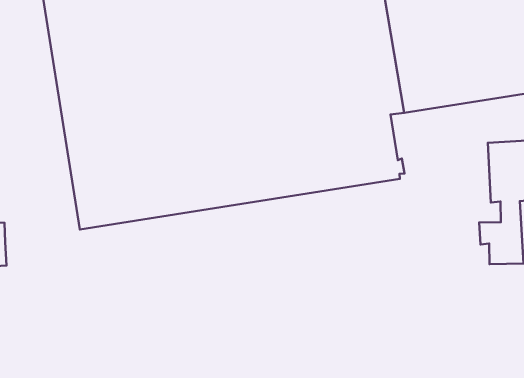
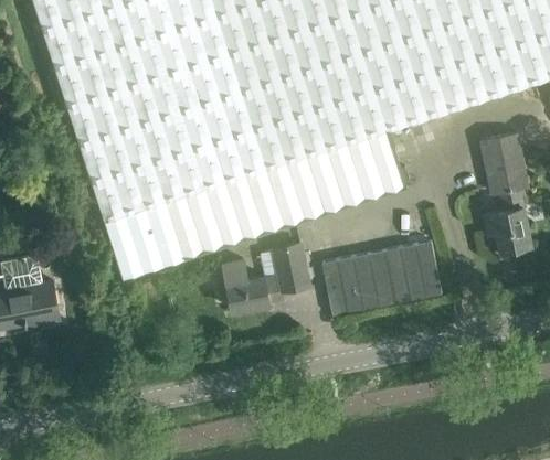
building: none -> [223,244,308,310]
building: none -> [322,240,442,315]

